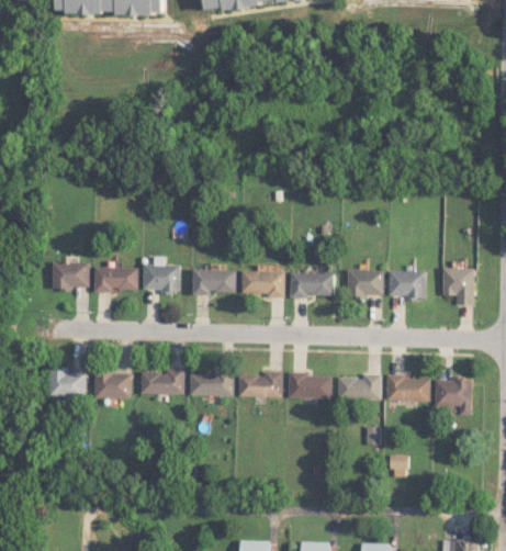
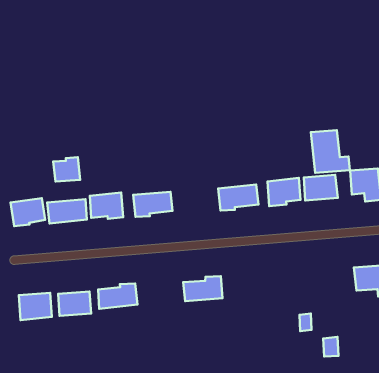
building: none -> [53,157,80,182]
building: none -> [311,130,350,173]
building: [241,270,285,297] -> none
building: [190,373,234,396] -> none
building: [289,374,333,398] -> none
building: [338,374,381,401] -> none
building: [386,376,430,402] -> none

